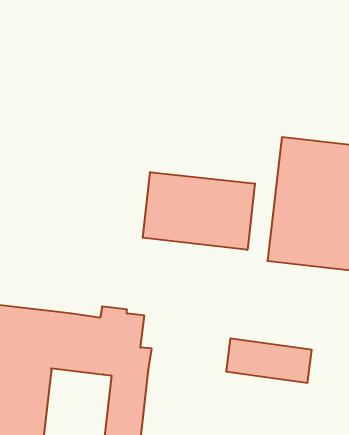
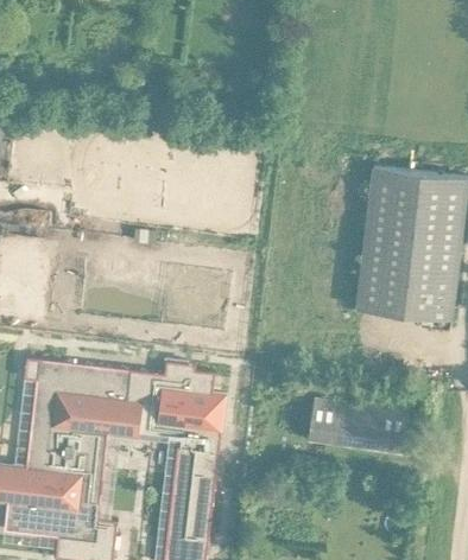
building: [143,172,255,250] -> none

